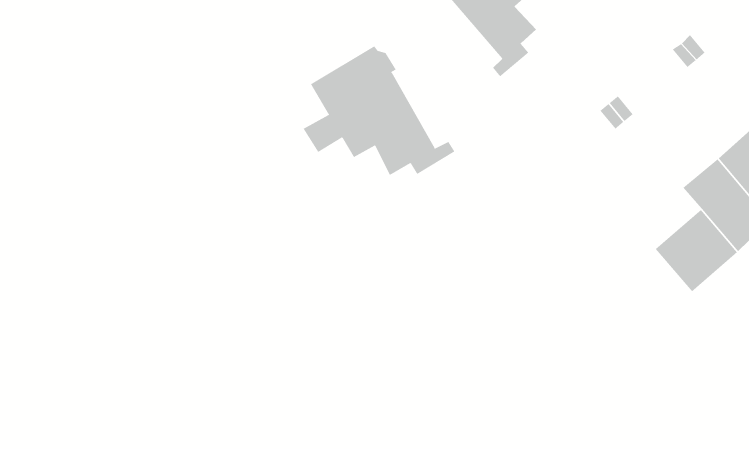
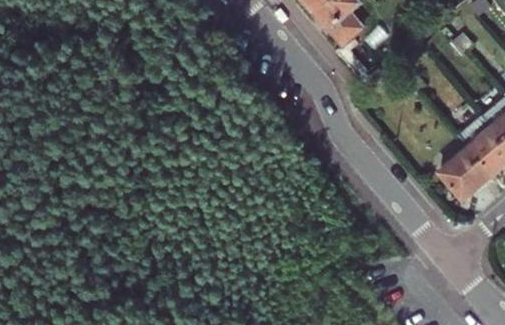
building: [303,45,455,176] -> none

